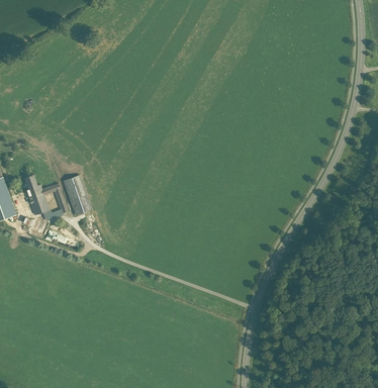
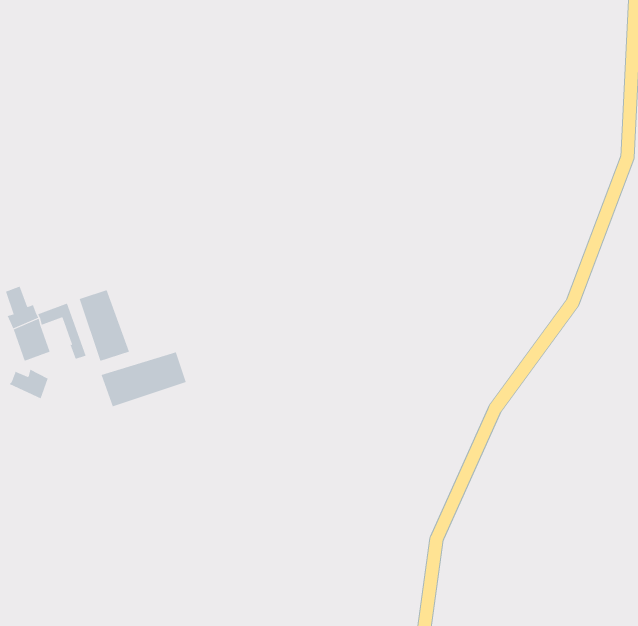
building: none -> [101,352,186,407]

